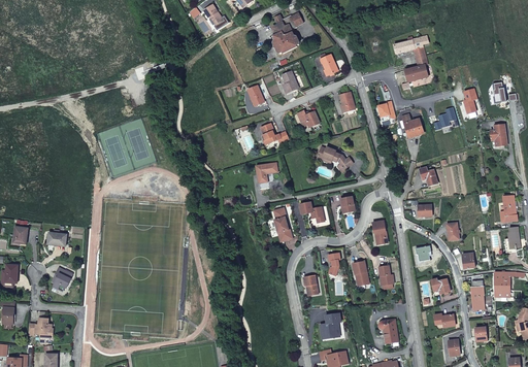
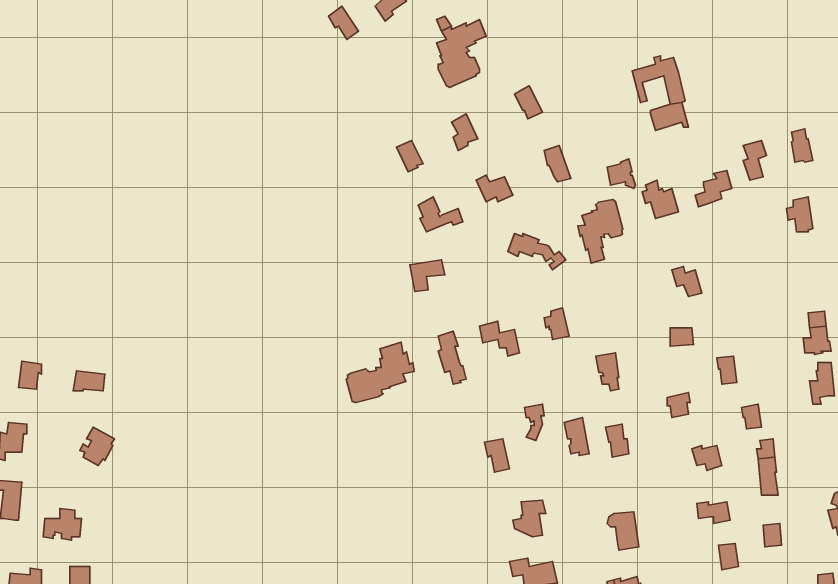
building: none -> [578,200,623,263]
building: none -> [346,342,414,402]
building: [494,270,518,297] -> none

